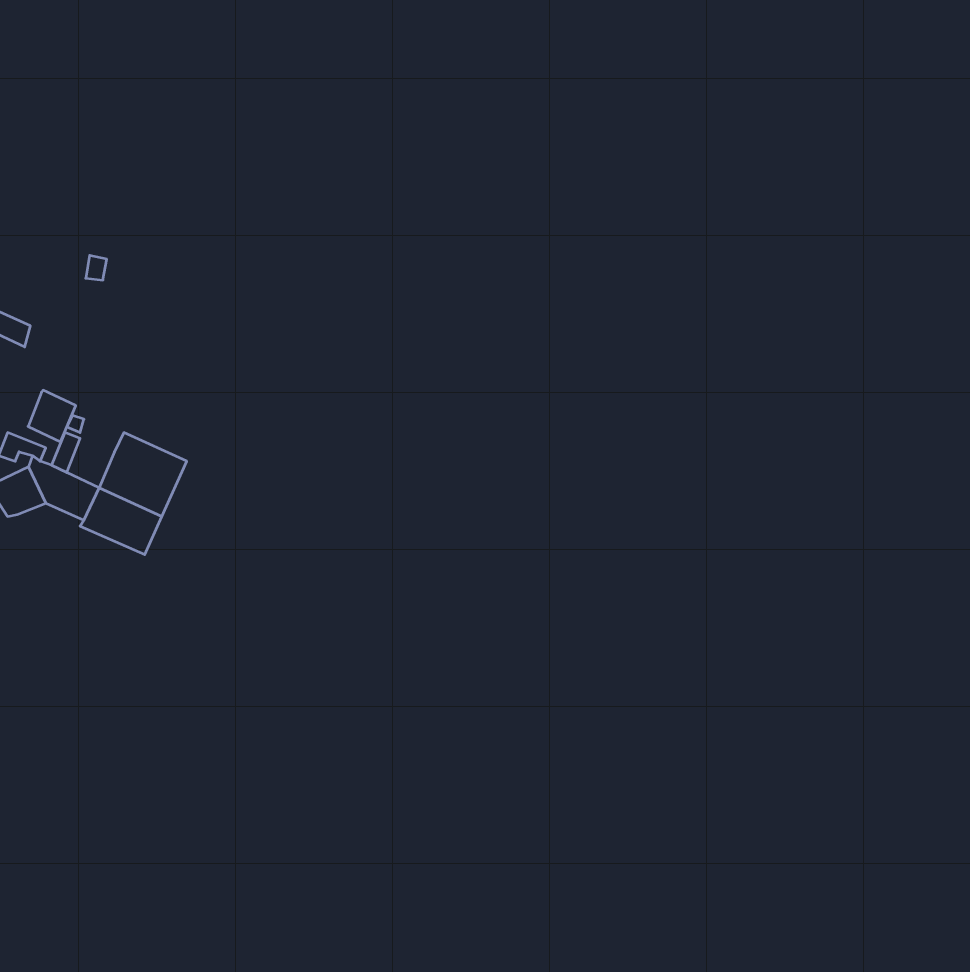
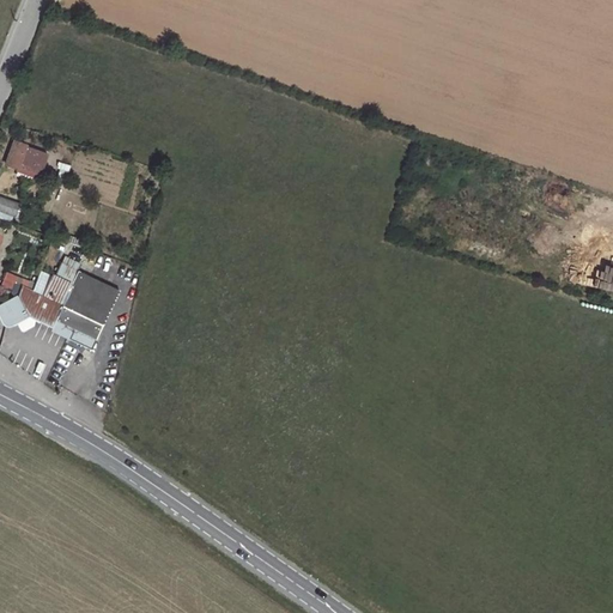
building: none -> [14,142,47,174]
building: [28,390,76,442] -> [42,274,72,306]

